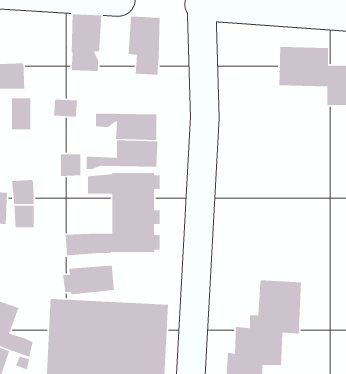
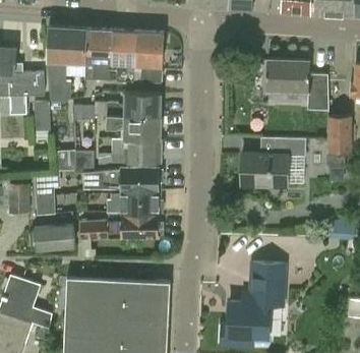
building: none -> [47,27,86,104]
building: none -> [111,31,137,81]
building: none -> [107,94,162,117]
building: none -> [241,138,306,188]
building: [62,265,115,295] -> [29,225,75,251]

